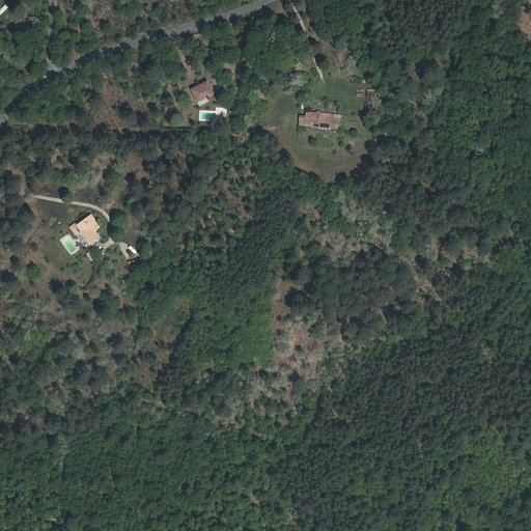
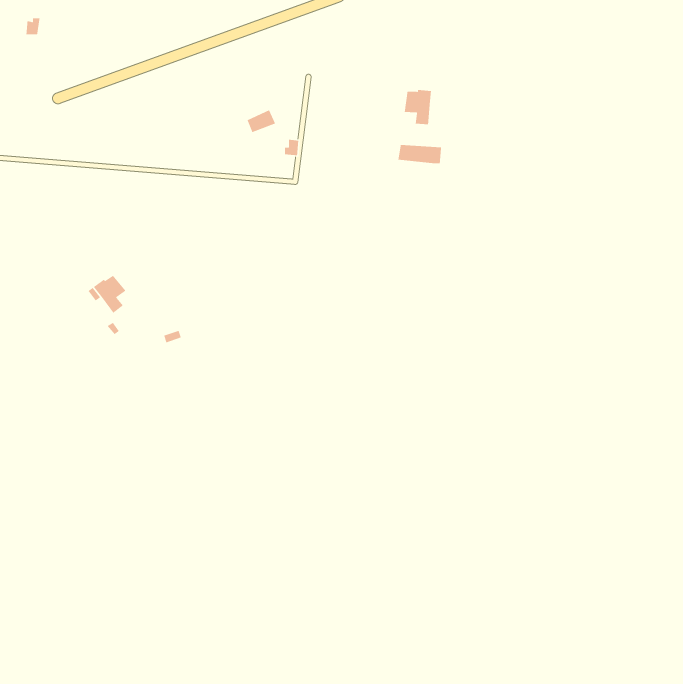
building: none -> [404,89,432,125]

